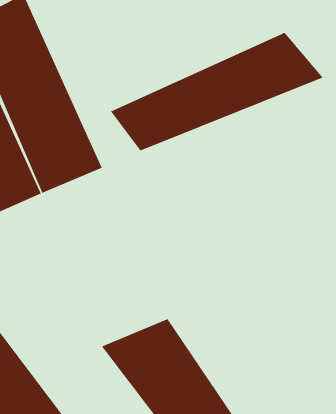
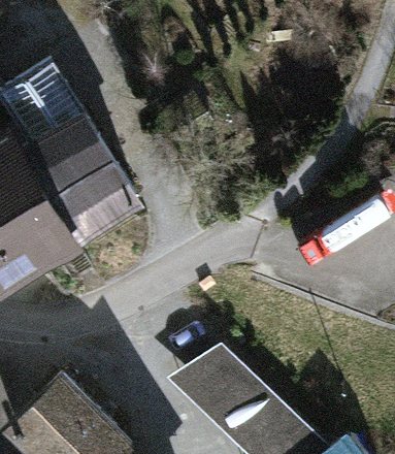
building: [110,32,324,152] -> none

